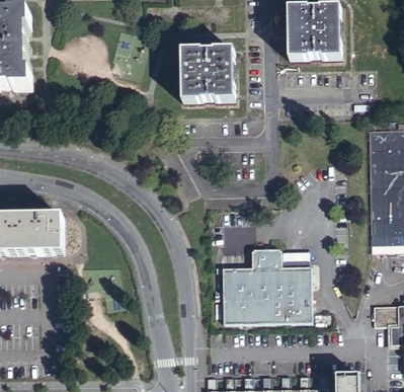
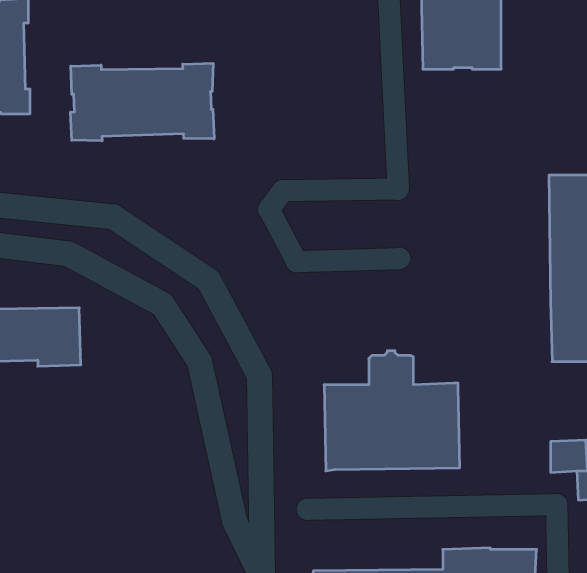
building: [180,50,233,101] -> none
building: none -> [71,63,214,141]

